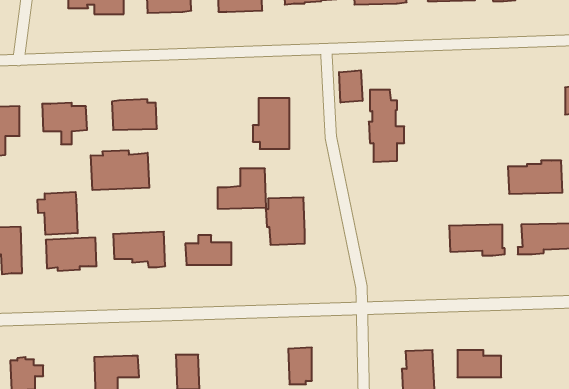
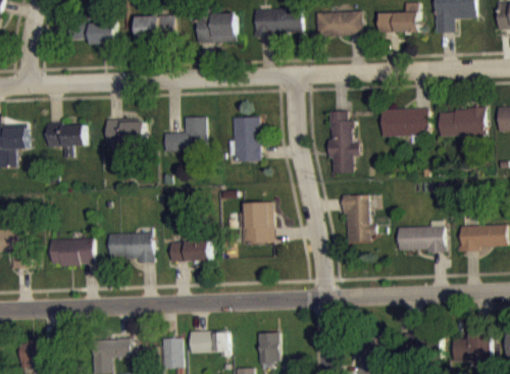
building: [339,70,362,103] -> none
building: none -> [380,108,427,137]
building: [91,150,149,190] -> none
building: [508,161,562,194] -> [438,107,484,136]
building: [218,169,266,209] -> [164,117,206,152]
building: none -> [342,194,374,239]
building: [38,192,78,235] -> none
building: none -> [189,330,228,356]
building: none -> [453,331,491,362]

